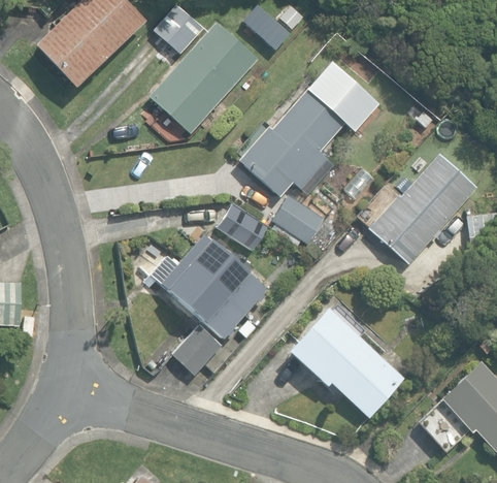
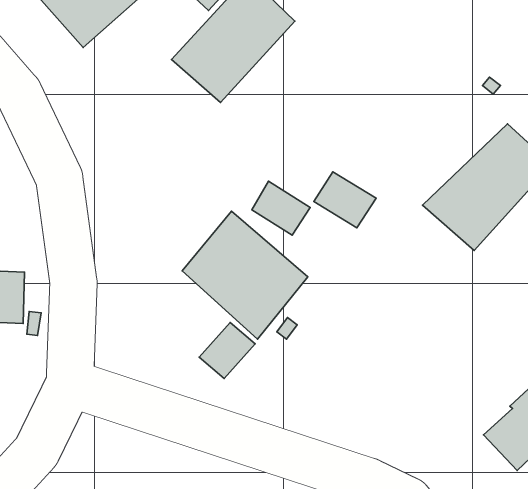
building: [238,64,379,199] -> none
building: [285,302,406,417] -> none

